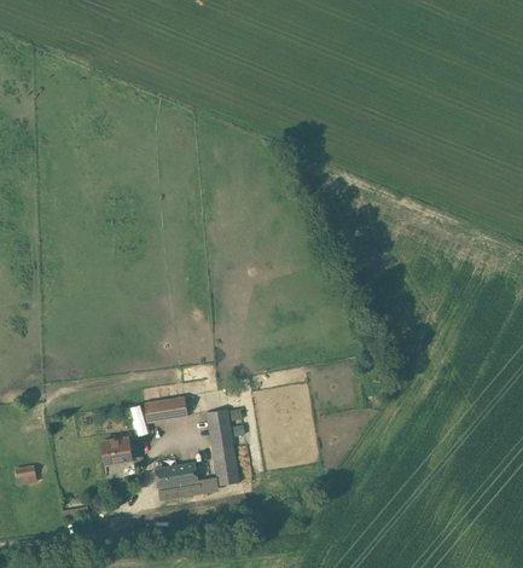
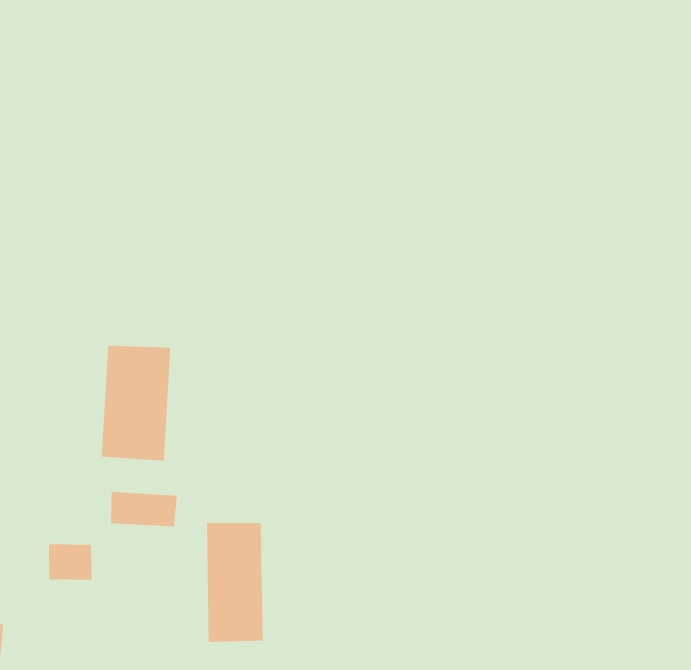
building: none -> [101,345,171,462]
building: [146,466,192,489] -> none

